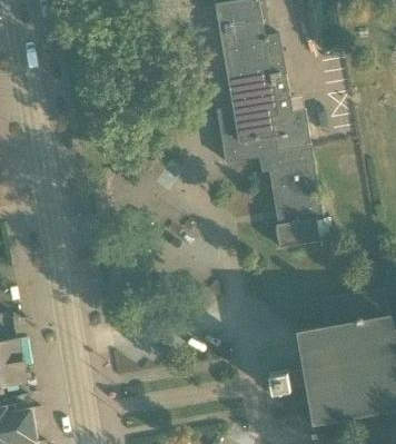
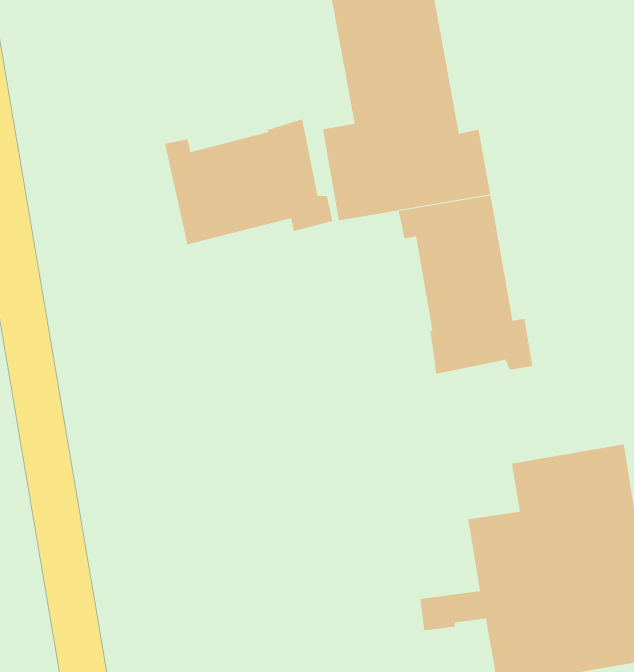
building: none -> [164,118,333,245]

